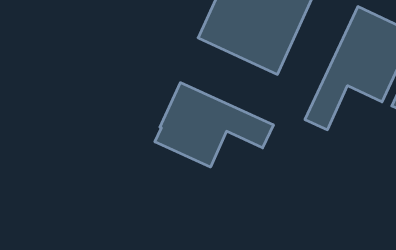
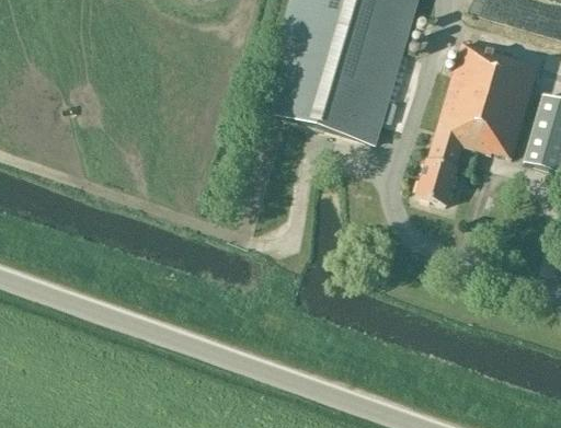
building: [155,83,273,167] -> none

